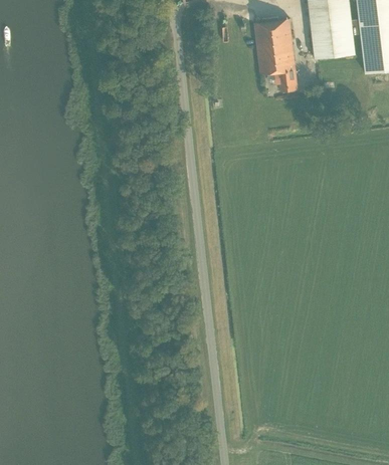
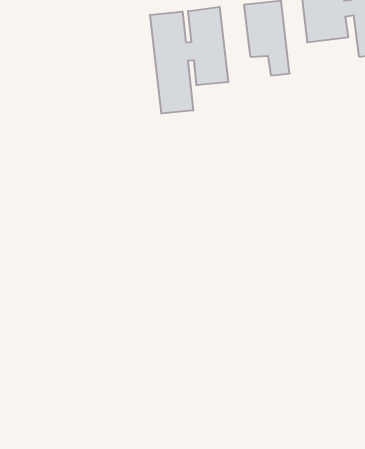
building: none -> [150,7,228,114]

